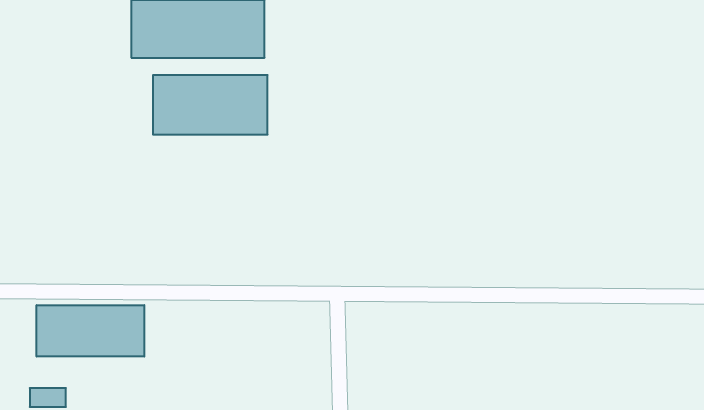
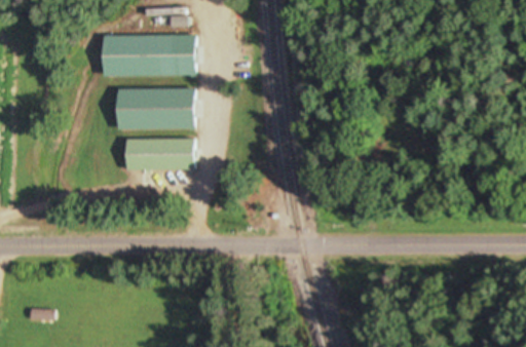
building: none -> [124,139,196,169]
building: [37,305,144,357] -> none

